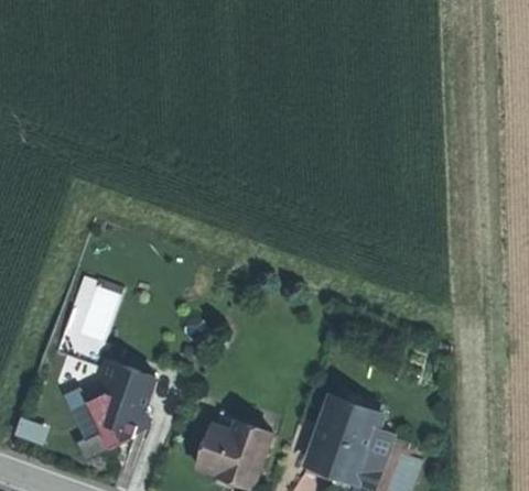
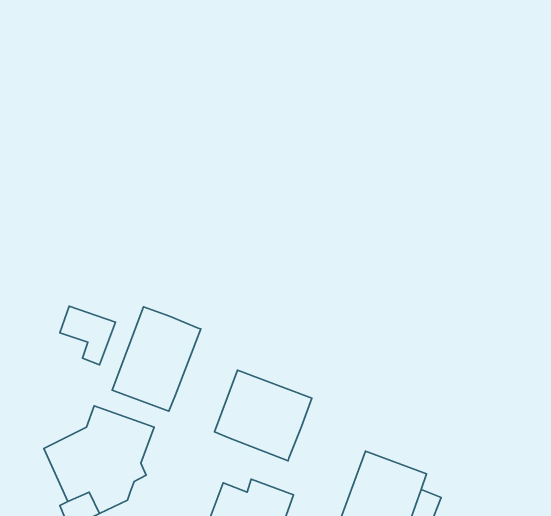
building: none -> [112,307,201,411]
building: none -> [214,370,312,461]

